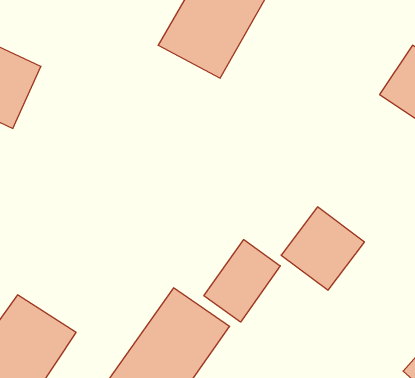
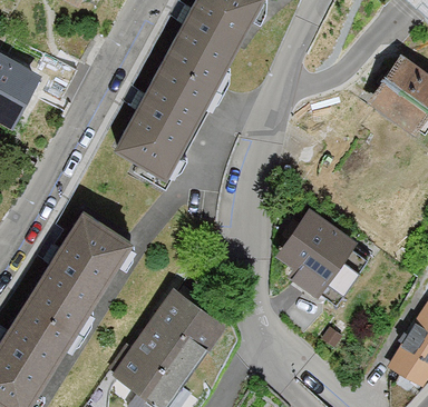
building: none -> [113,57,218,175]
building: none -> [26,212,133,329]
building: [204,240,280,322] -> none

